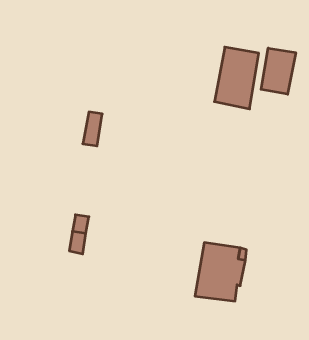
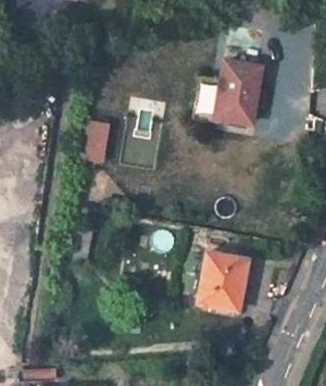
building: [261,48,296,94] -> none

